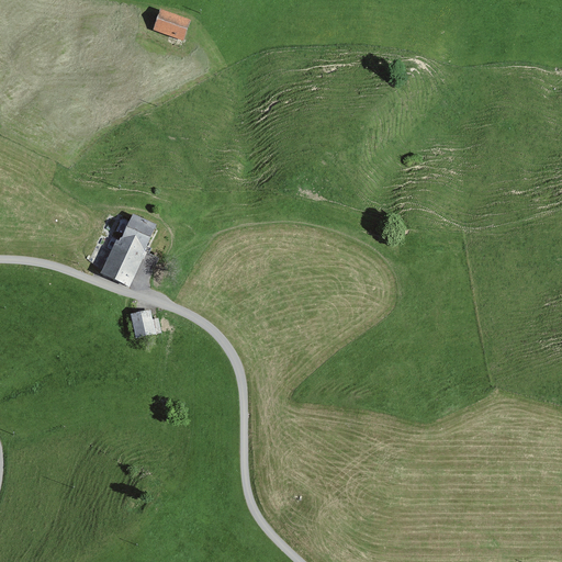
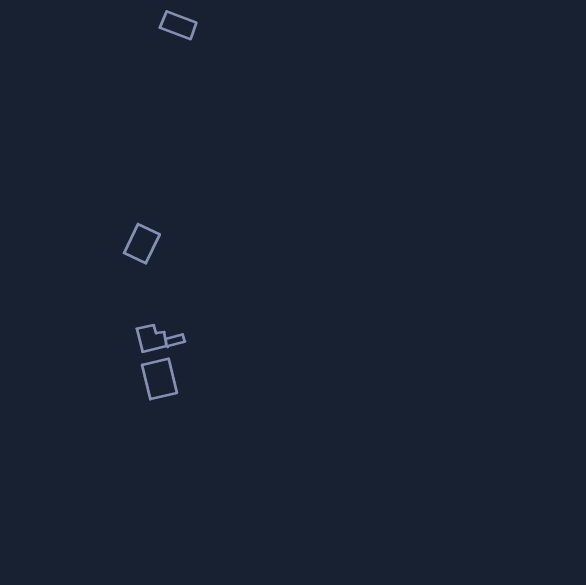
building: [102,240,142,284] -> none
building: none -> [142,359,177,399]

